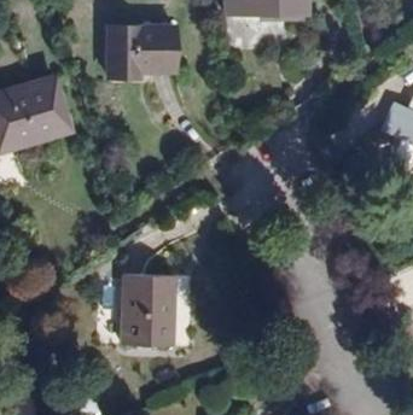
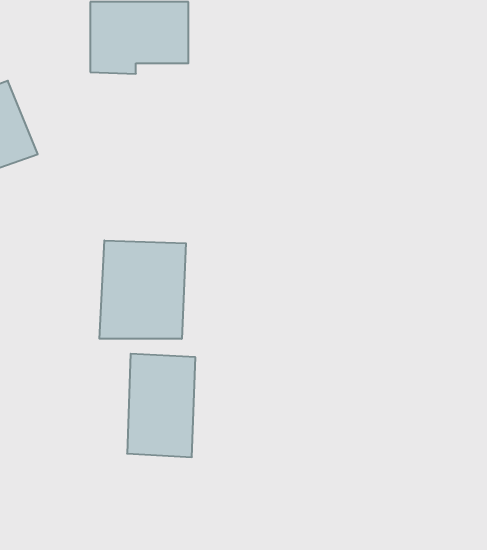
building: none -> [99,240,186,339]

